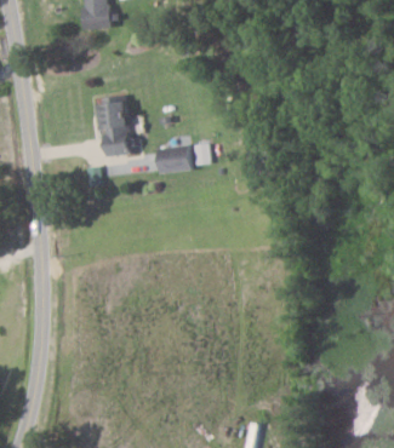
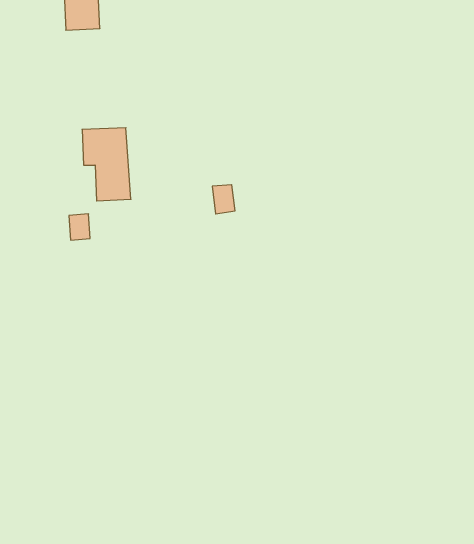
building: [158,147,190,173] -> none

